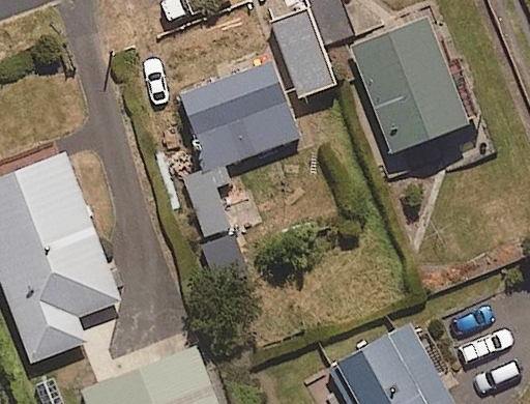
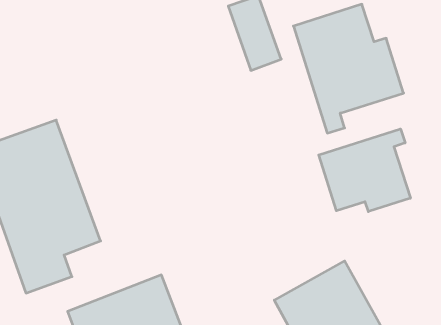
building: [175,59,300,237] -> none
building: none -> [319,129,410,212]

